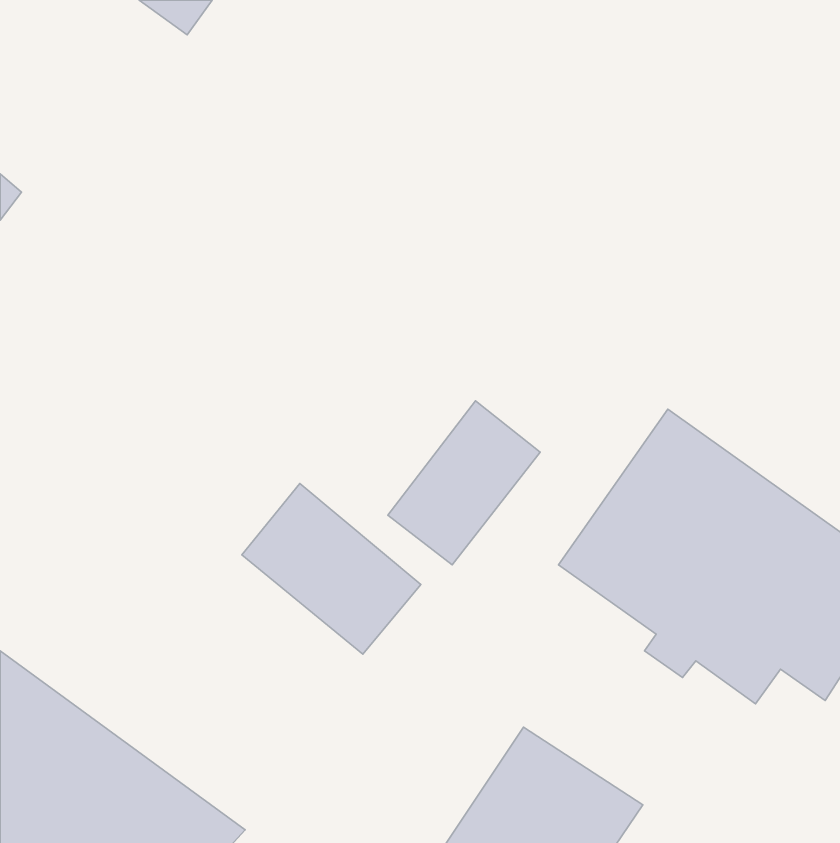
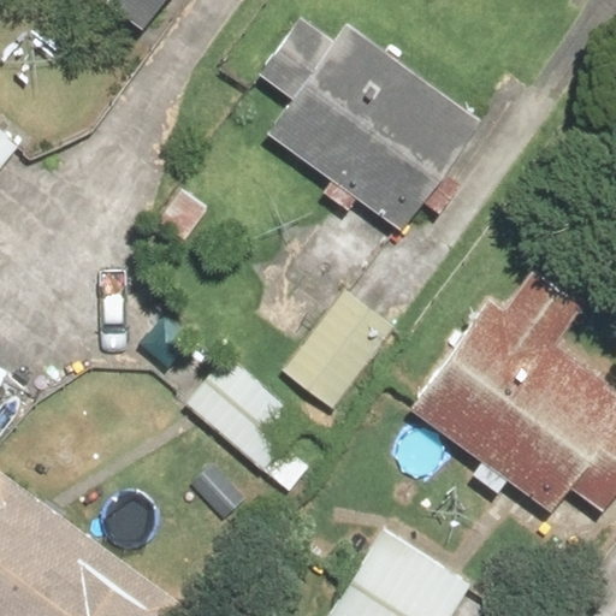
building: none -> [247,22,481,233]

